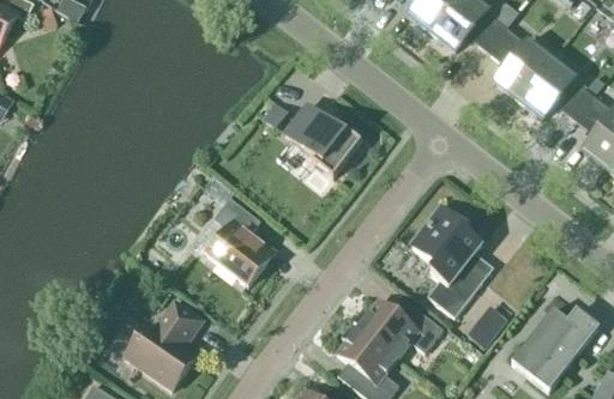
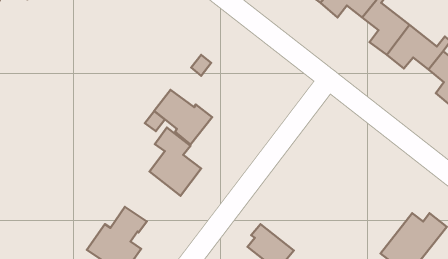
building: [284,104,361,176] -> [154,90,212,144]
building: [413,205,482,316] -> none
building: [353,300,443,357] -> none
building: [466,303,507,347] -> none

